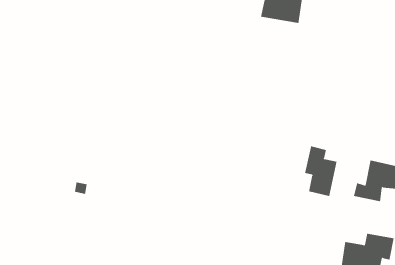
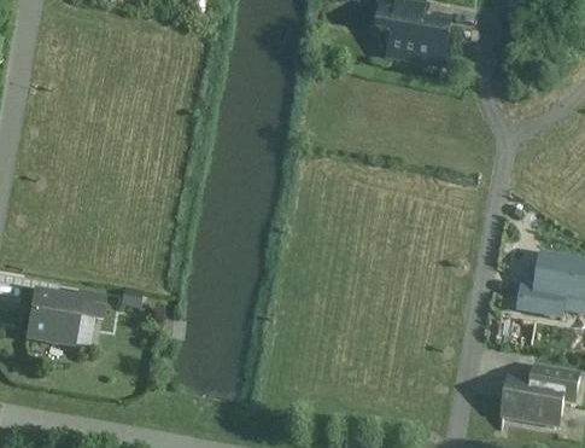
building: [304,146,337,197] -> none
building: none -> [27,290,103,343]

